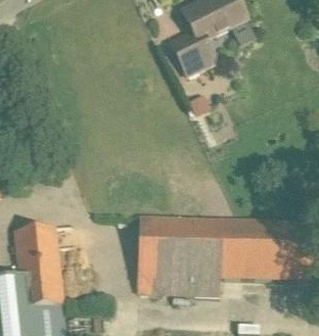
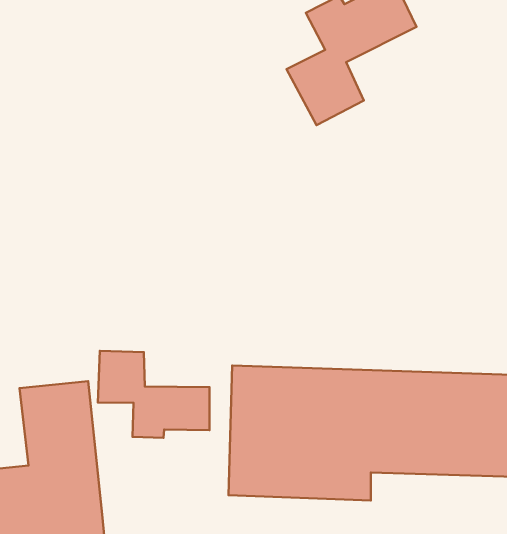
building: none -> [98,351,210,438]

